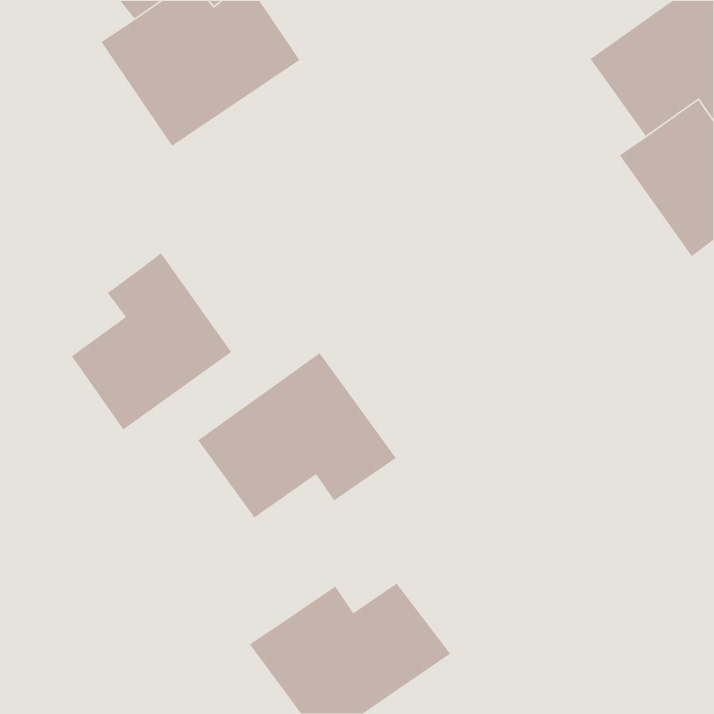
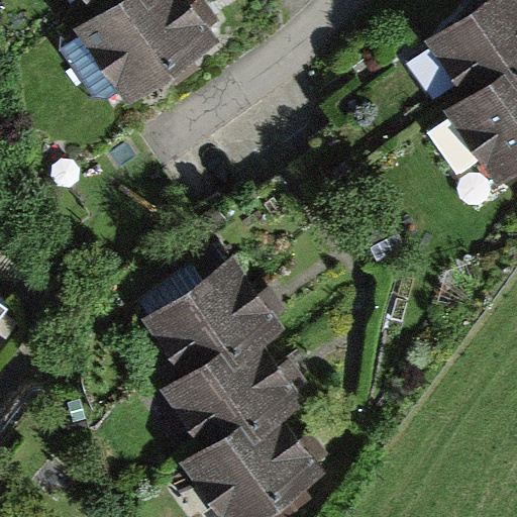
building: [71,252,232,430] -> none
building: none -> [163,343,310,449]

